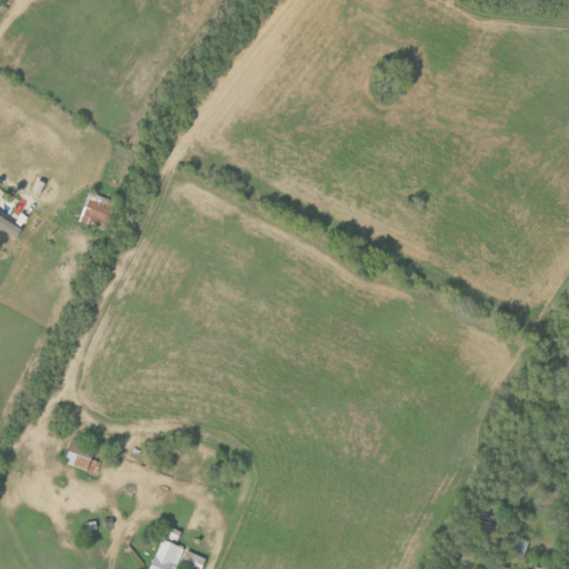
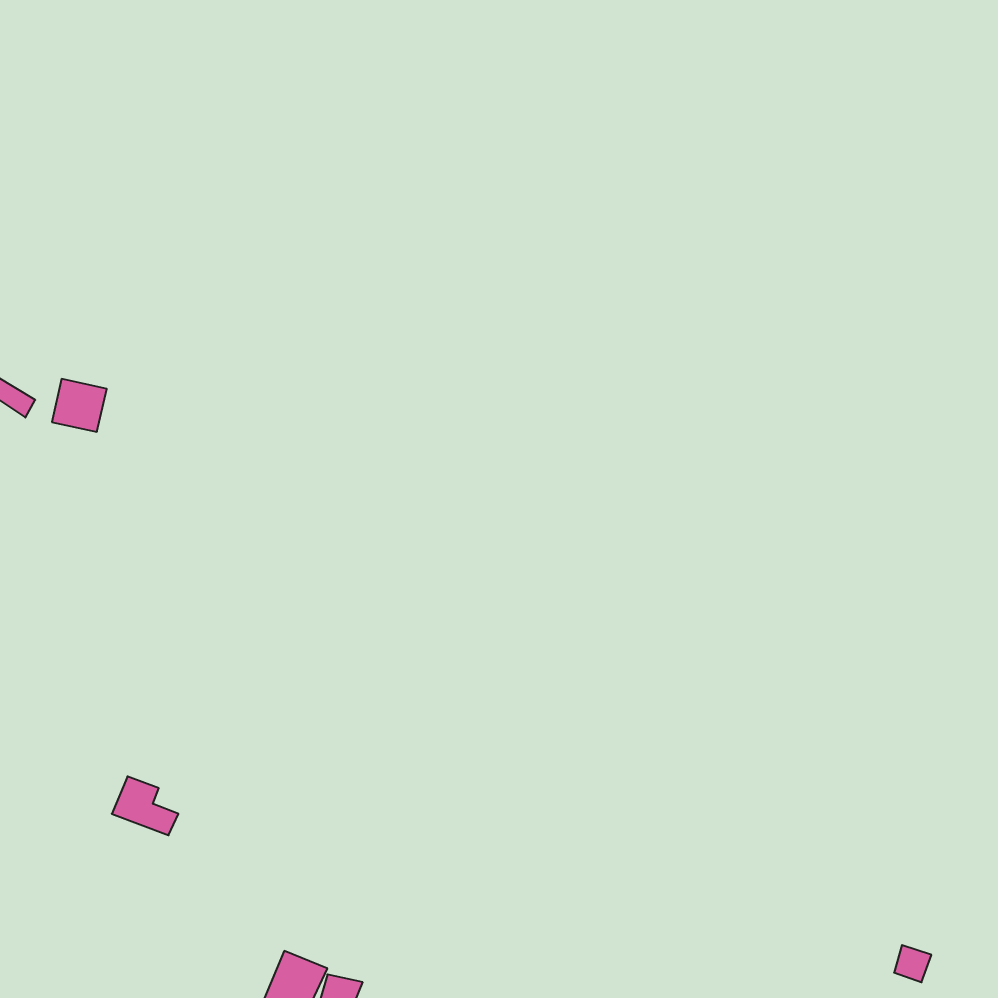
building: [82,196,113,226] -> [52,379,107,432]

